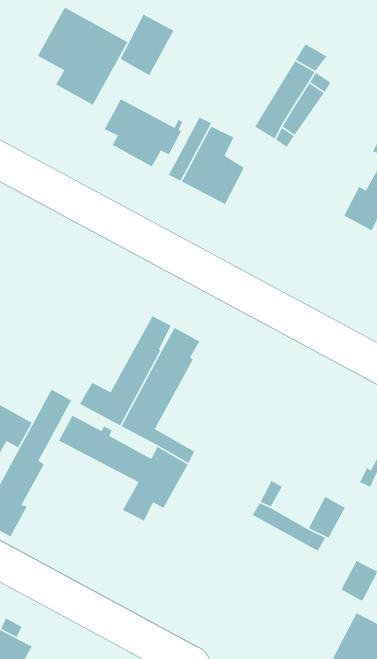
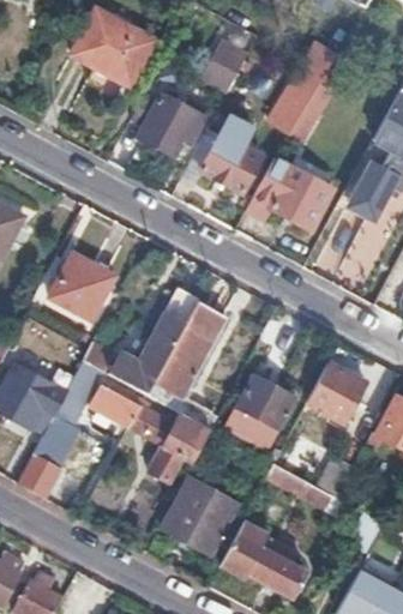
building: [120,13,174,76] -> [199,38,249,96]
building: none -> [247,158,333,230]
building: none -> [50,253,116,320]
building: none -> [308,365,365,423]
building: none -> [228,375,295,444]
building: none -> [162,477,237,554]
building: none -> [221,523,306,595]

